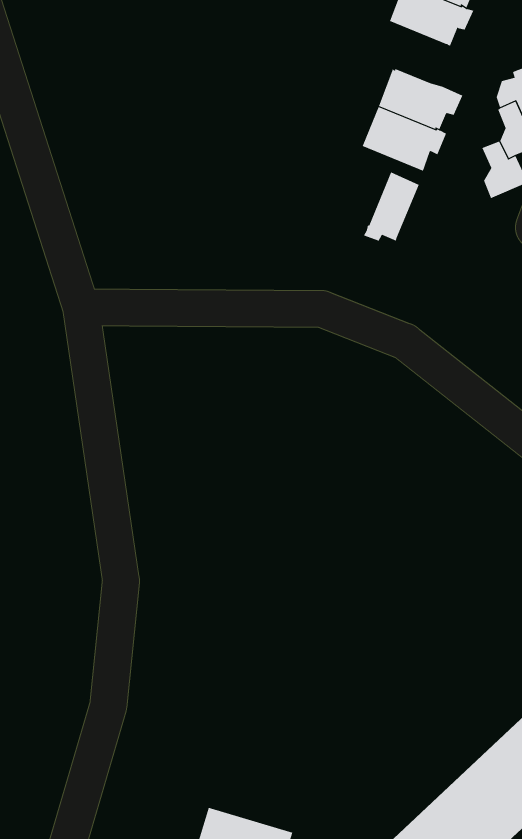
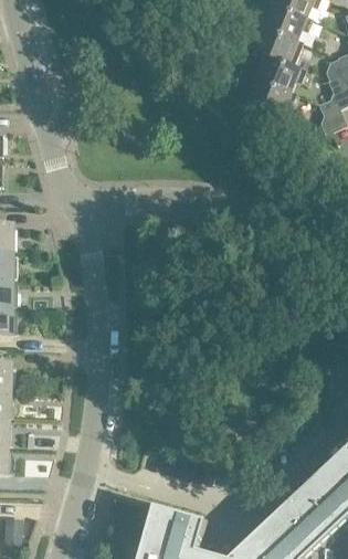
building: none -> [252,27,304,66]
building: [363,172,420,242] -> none

